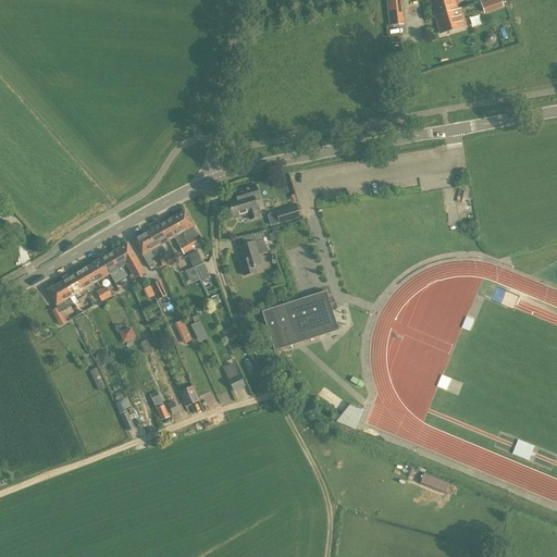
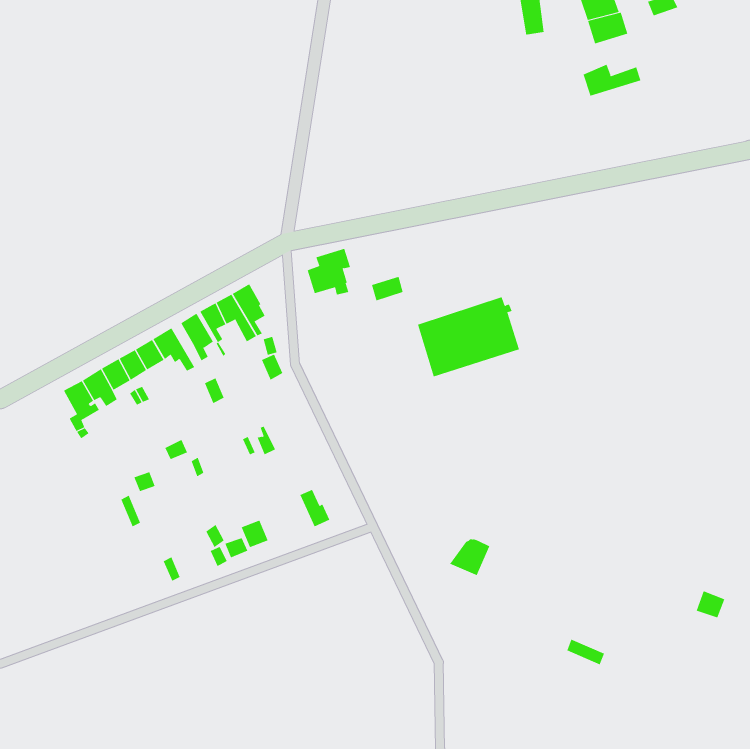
building: none -> [583,64,641,96]
building: [239,231,268,274] -> none
building: [262,290,338,350] -> [417,296,520,377]

